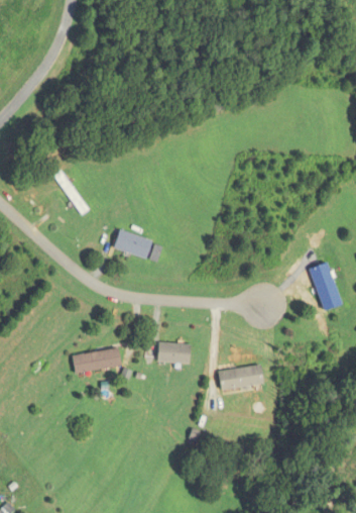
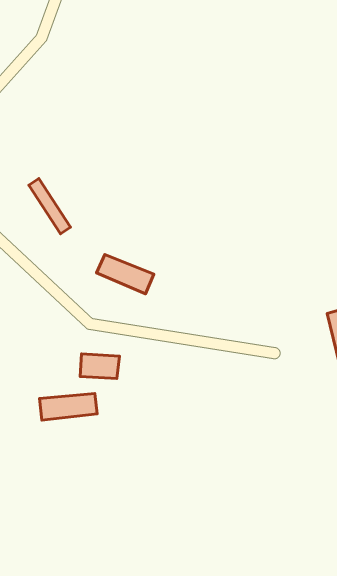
building: [158,343,191,363] -> [80,354,120,379]
building: [219,365,263,391] -> none

